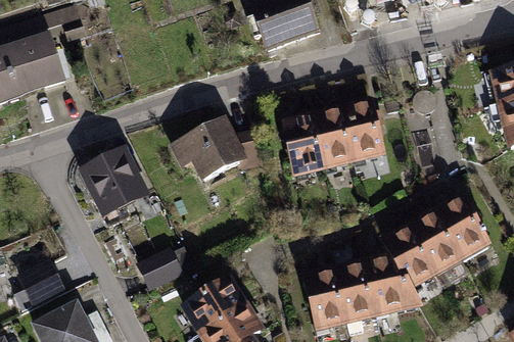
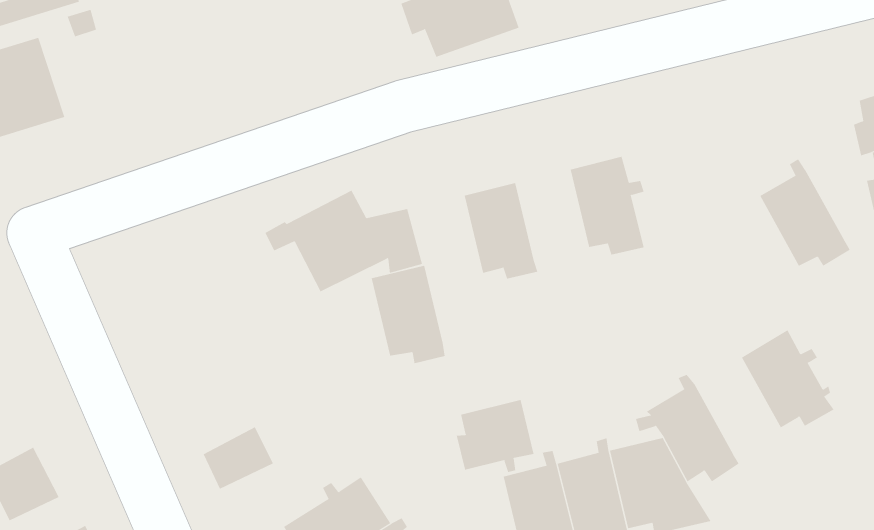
building: [312,110,353,164] -> [371,265,445,364]
building: [86,154,142,211] -> none
building: [410,207,460,266] -> [759,159,851,267]
building: none -> [456,399,534,473]

